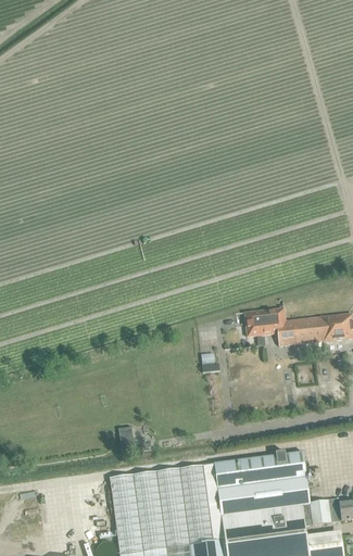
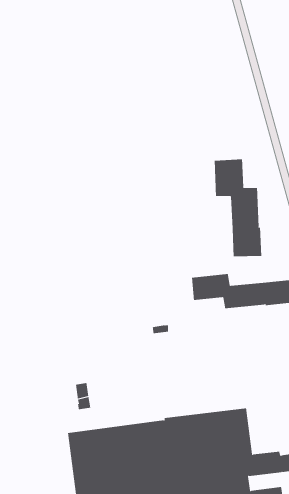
building: none -> [214,158,262,257]

